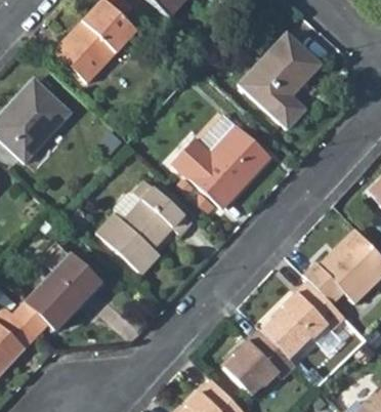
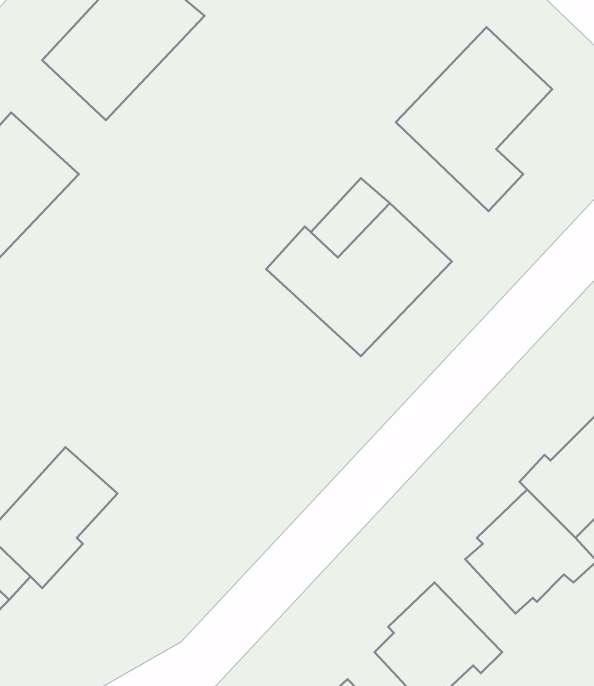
building: [93,182,192,276] -> none

